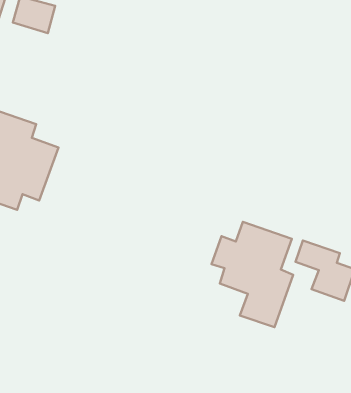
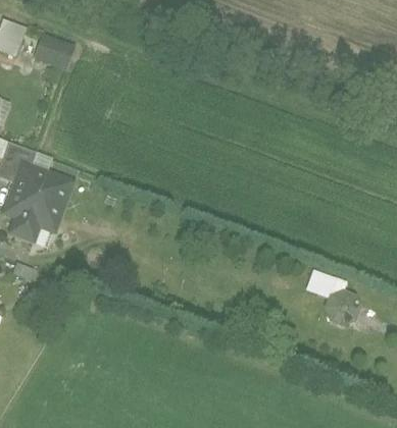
building: [211,222,293,327] -> none

